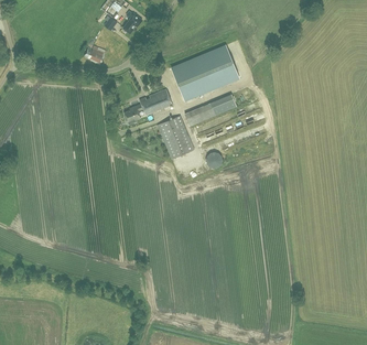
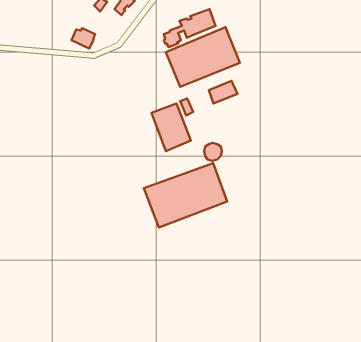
building: [125,88,172,123] -> [164,9,215,47]
building: none -> [144,163,227,227]

